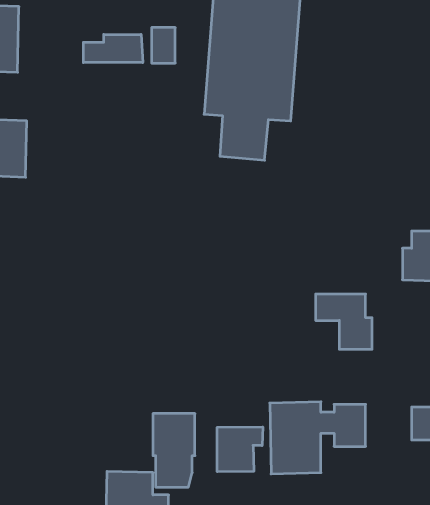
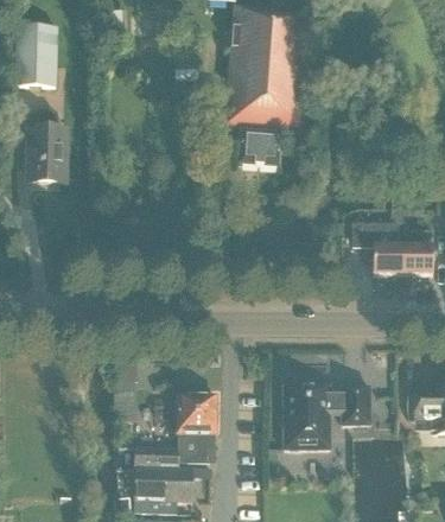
building: [83,34,143,63] -> none
building: [316,294,372,349] -> [352,224,403,274]
building: [217,427,263,472] -> none

